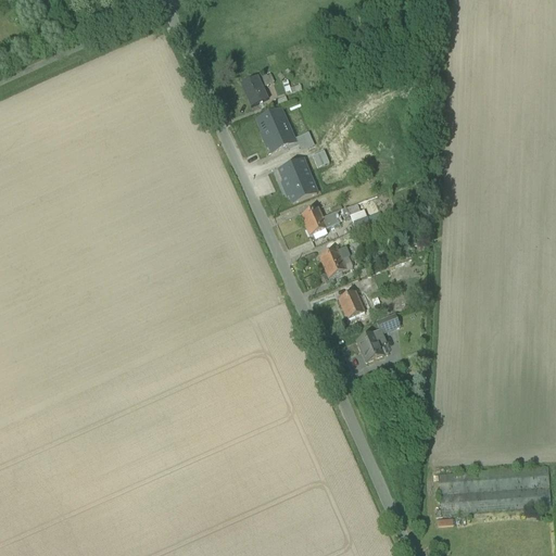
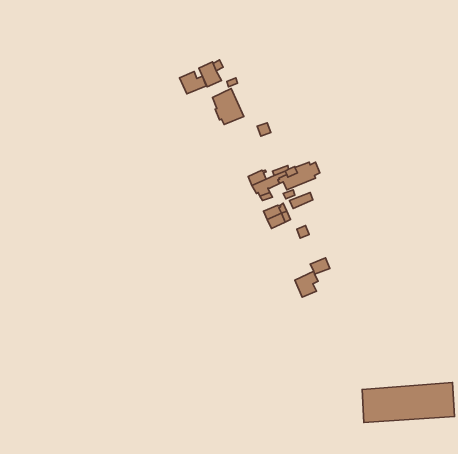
building: none -> [179,71,206,94]
building: [275,155,317,202] -> none
building: [338,290,365,318] -> none

